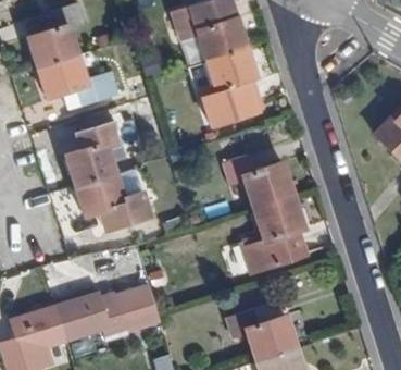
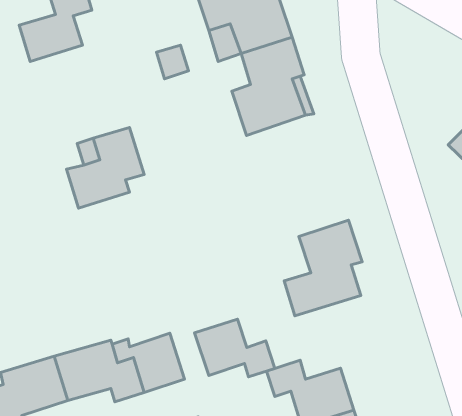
building: [36,53,108,106] -> none
building: [222,153,293,208] -> none
building: [75,170,145,222] -> none
building: none -> [195,319,275,377]

